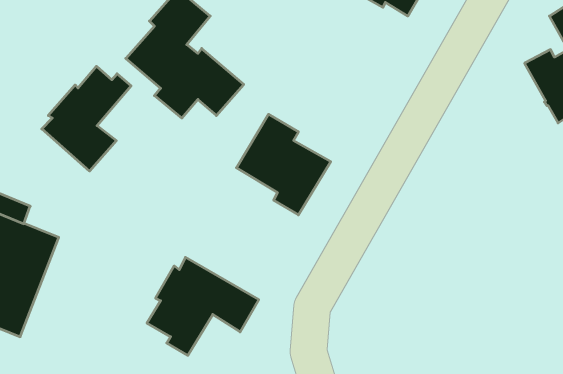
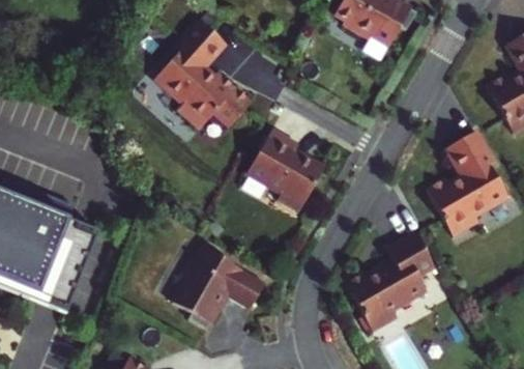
building: [42,66,131,171] -> none
building: none -> [426,133,510,238]
building: none -> [344,233,433,331]

